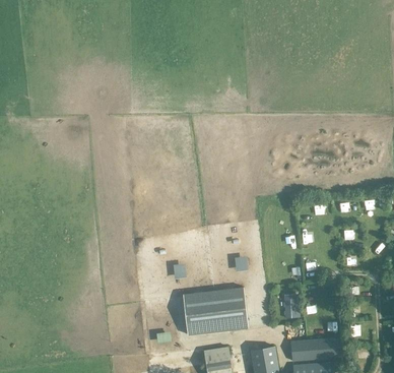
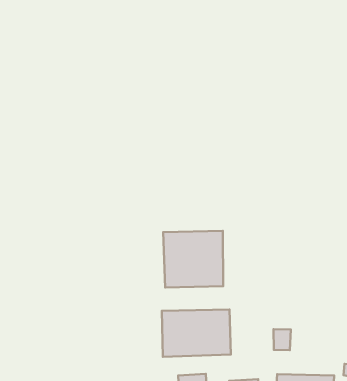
building: none -> [163,231,223,287]

